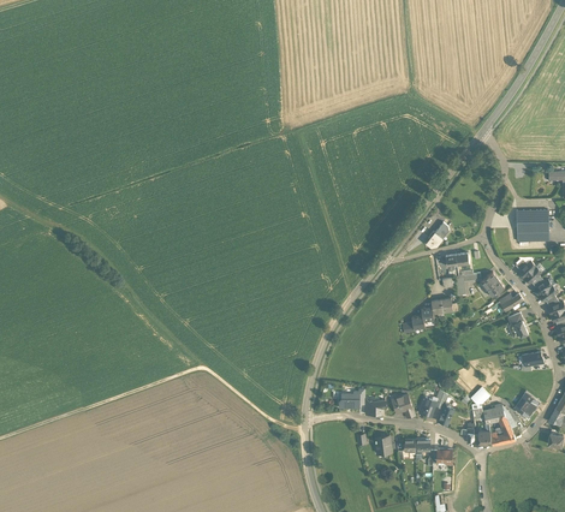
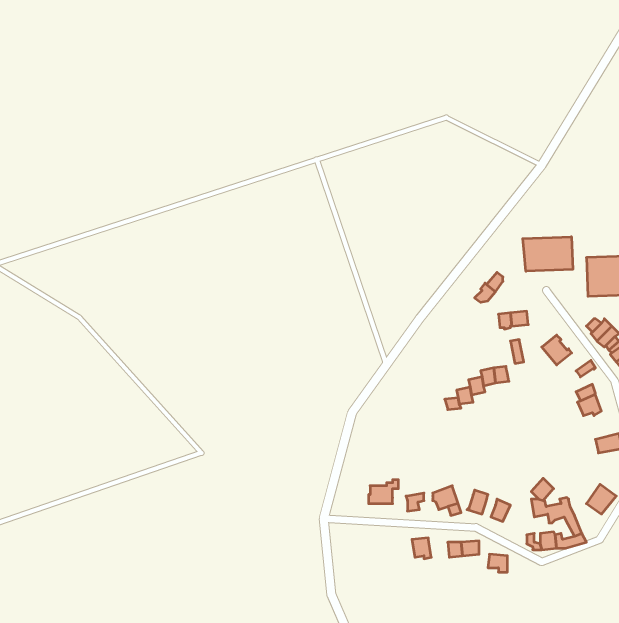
building: none -> [523,237,573,271]

